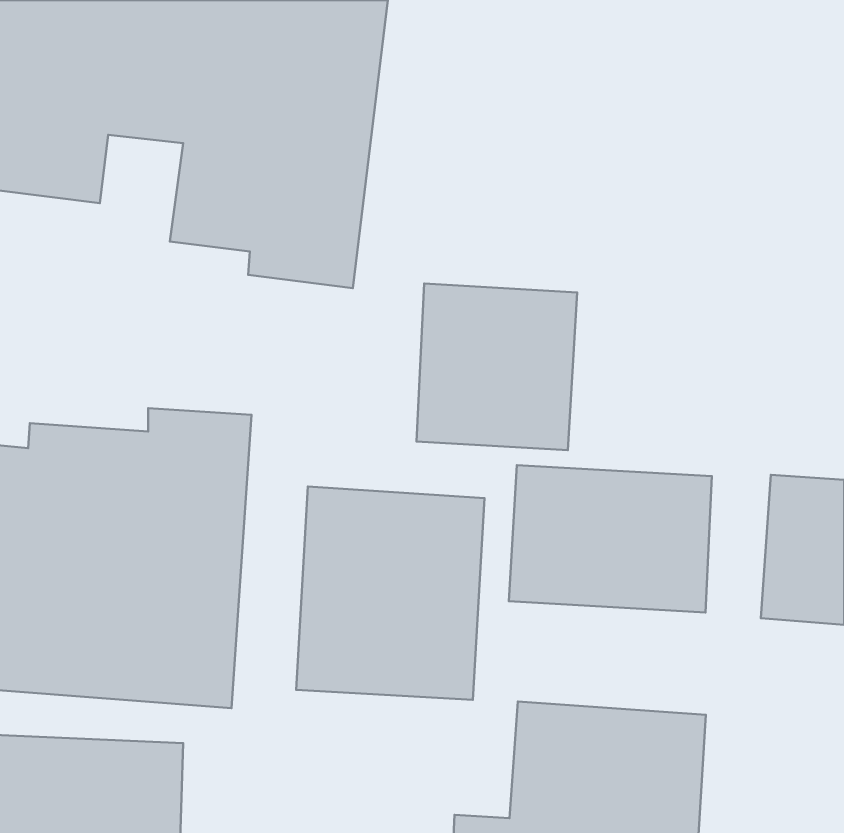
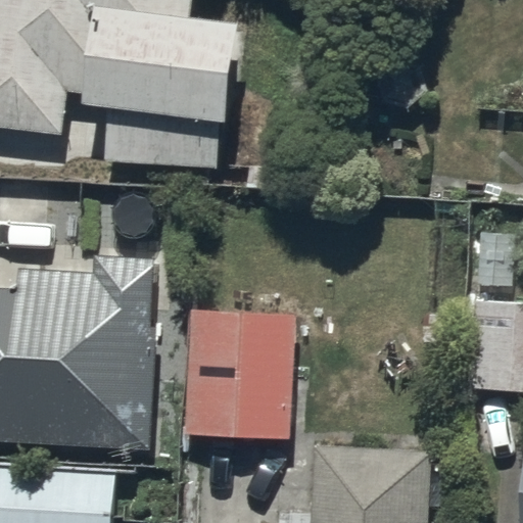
building: [416,284,577,450] -> none
building: [509,465,712,612] -> none

